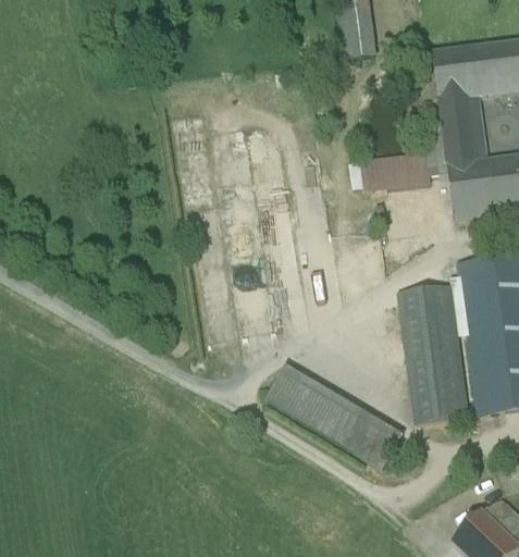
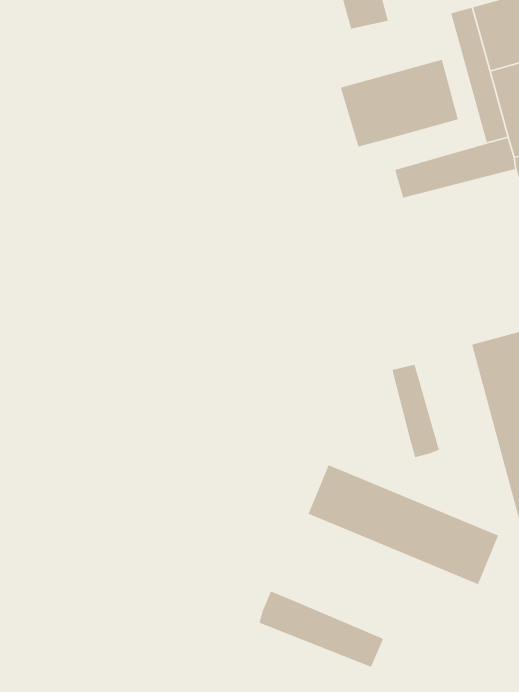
building: none -> [340,59,459,148]
building: none -> [391,364,440,458]
building: none -> [258,590,384,668]

